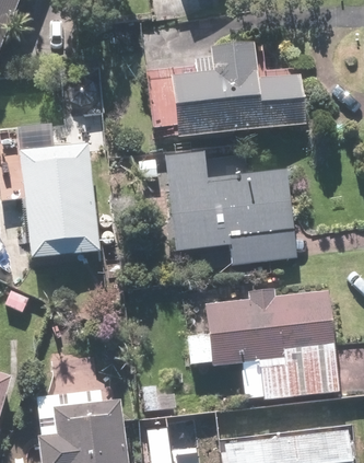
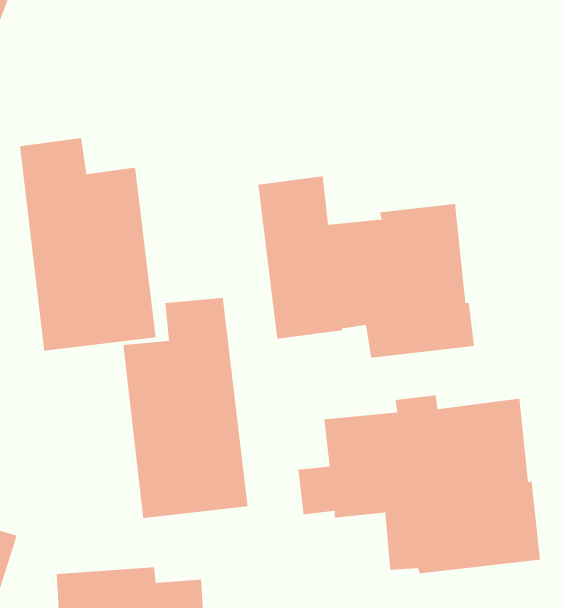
building: [145,45,306,140] -> none
building: none -> [123,297,248,519]

